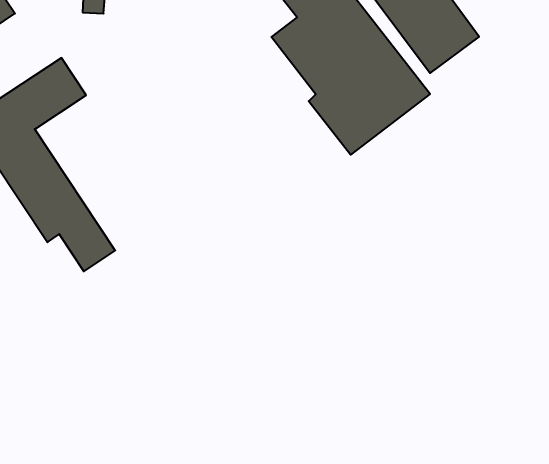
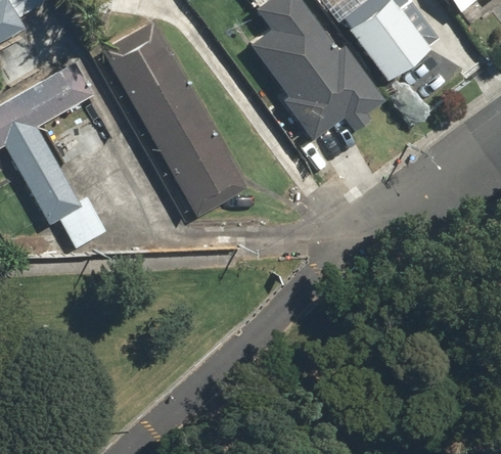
building: none -> [102,26,249,220]

